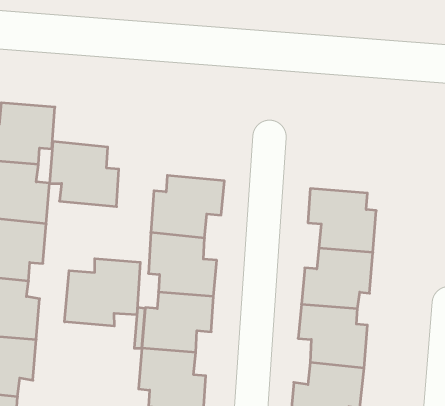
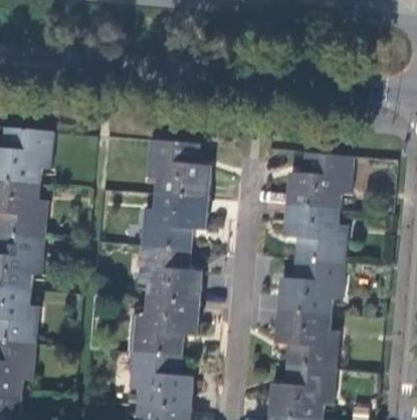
building: none -> [286,153,353,209]
building: [49,142,119,207] -> [147,139,210,198]
building: [65,259,140,326] -> none

